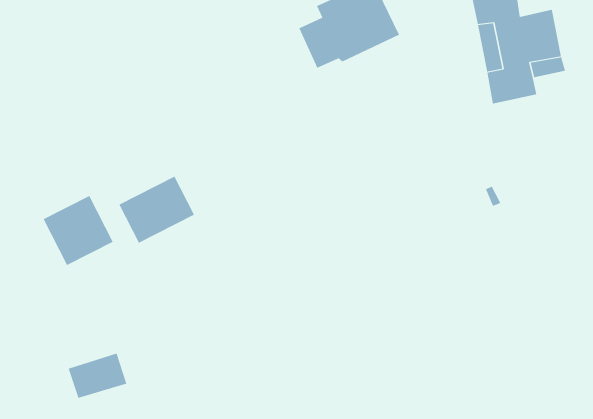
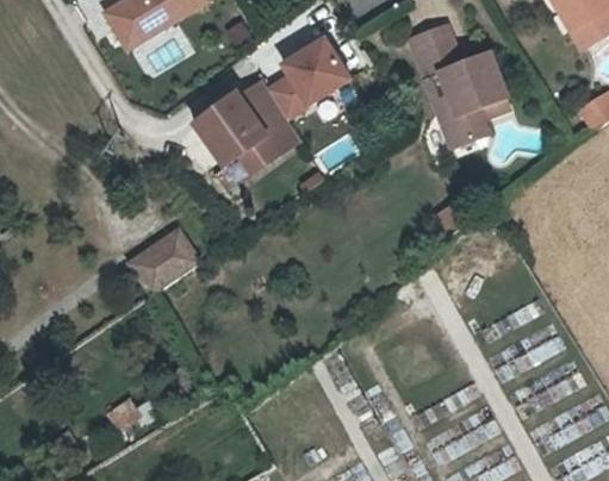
building: none -> [194,85,303,180]
building: [43,195,113,266] -> none

